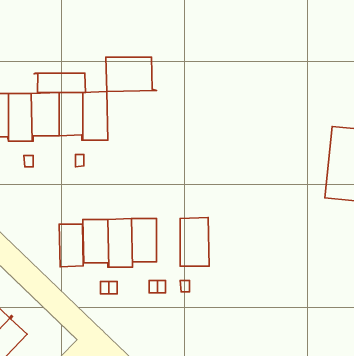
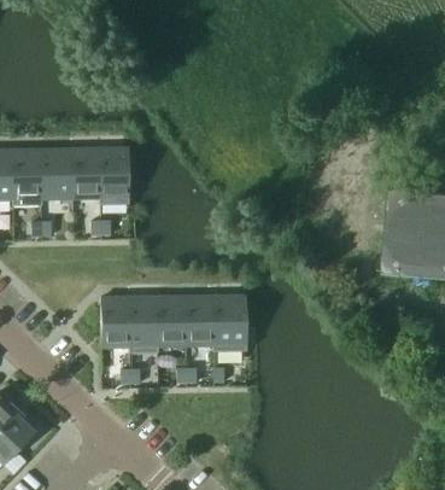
building: [106,57,157,91] -> none
building: [34,73,85,92] -> none
building: none -> [187,296,215,351]
building: [59,224,83,267] -> none

